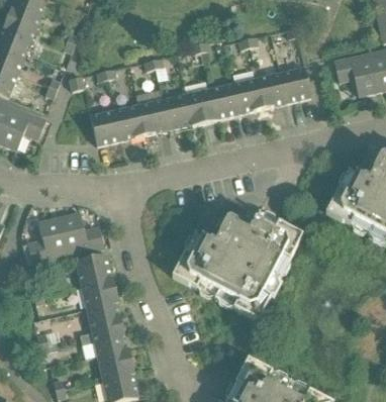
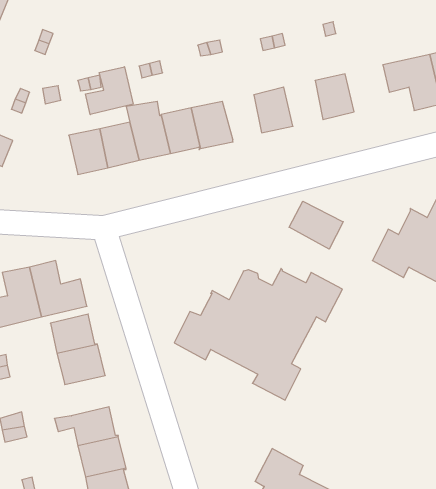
building: none -> [86,67,133,115]
building: [257,73,287,108] -> none
building: [209,84,239,118] -> none
building: none -> [289,201,343,249]
building: [87,301,121,332] -> none

